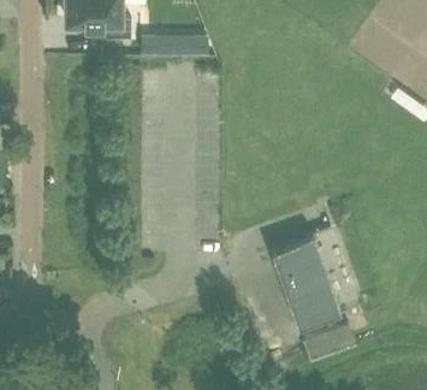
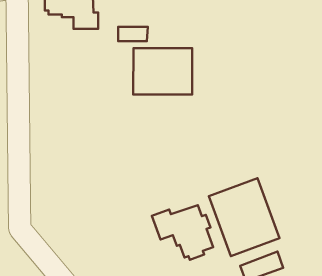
building: none -> [133,48,192,94]
building: none -> [152,205,213,260]

